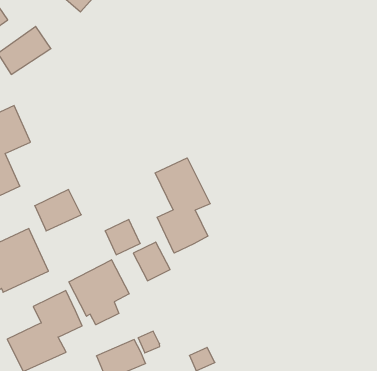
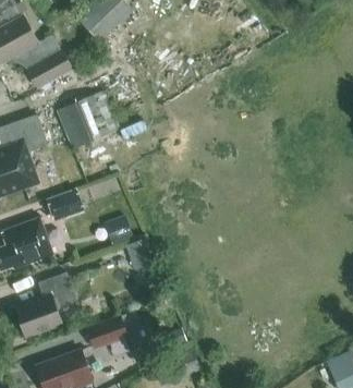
building: none -> [57,89,121,149]
building: [155,158,210,253] -> none
building: [69,260,129,325] -> none

